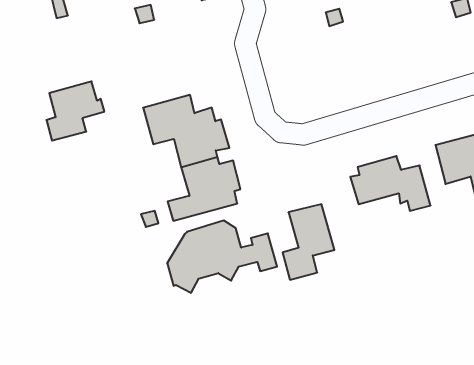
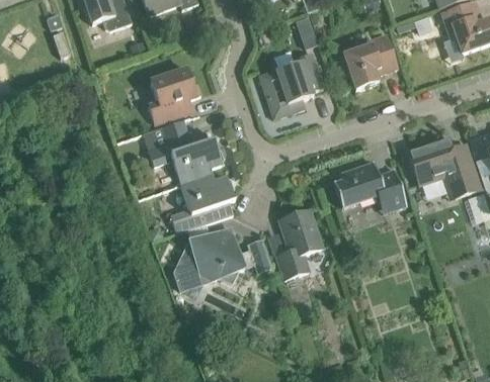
building: none -> [336,33,398,90]
building: none -> [260,52,324,117]
building: [46,81,104,141] -> [149,68,200,123]

